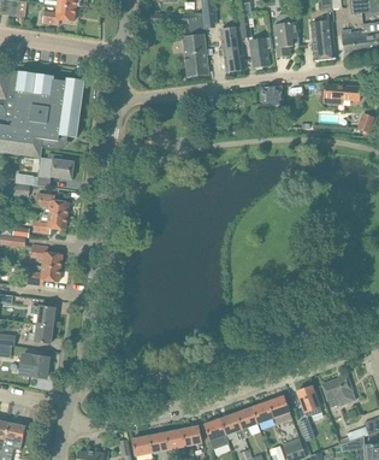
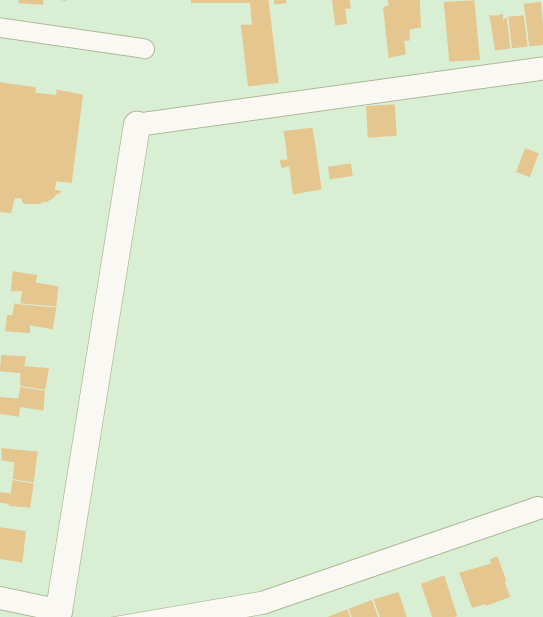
building: [218,29,245,72] -> [279,127,323,195]
building: [249,37,271,70] -> none
building: [324,84,361,104] -> none
building: [39,158,75,179] -> none

